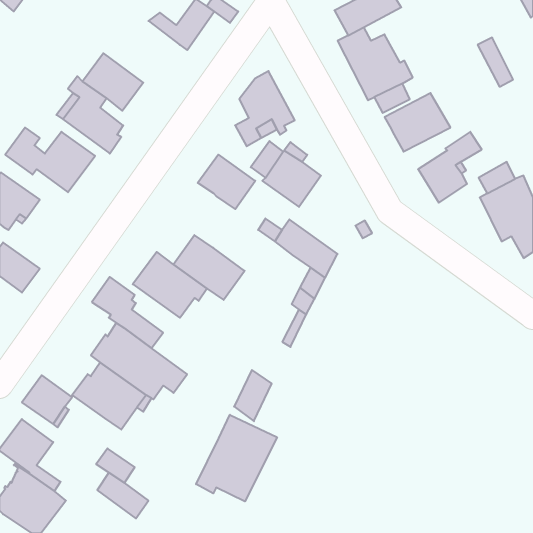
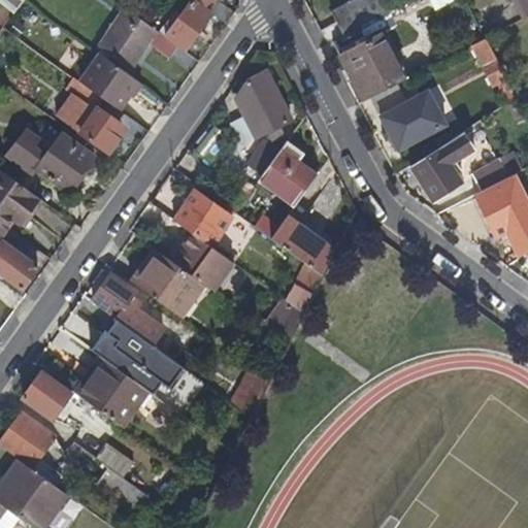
building: none -> [103,7,177,65]
building: [198,155,255,209] -> [173,191,230,244]
building: [196,415,277,501] -> none

